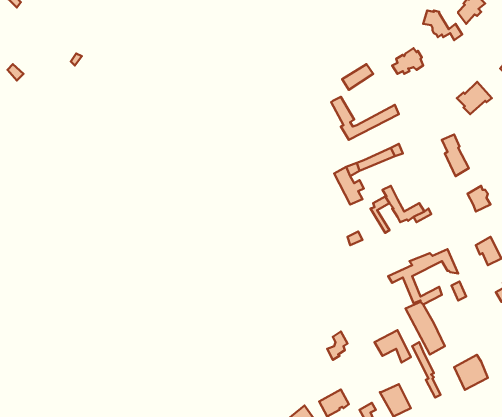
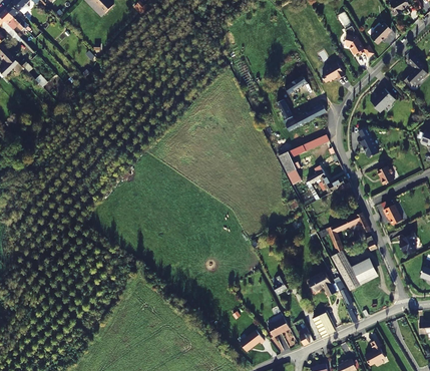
building: [454,355,488,390] -> [352,259,377,285]

